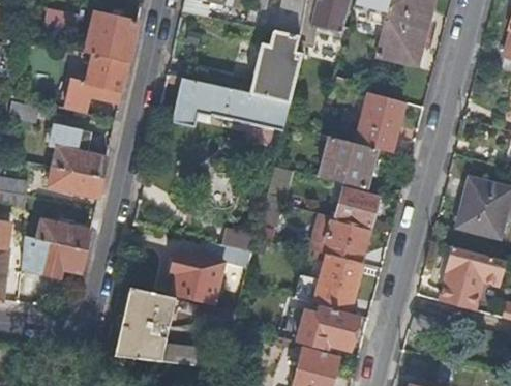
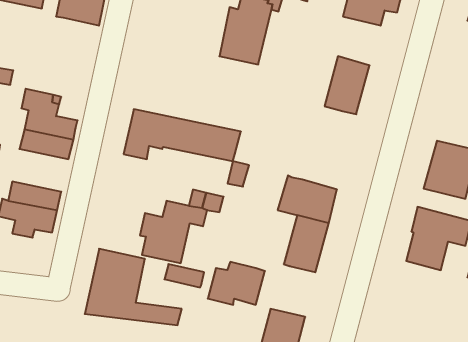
building: [65,53,128,113] -> none
building: [171,78,290,130] -> [124,109,241,161]
building: [320,136,375,188] -> none
building: [334,188,378,228] -> none
building: [299,305,357,349] -> [208,262,265,305]

